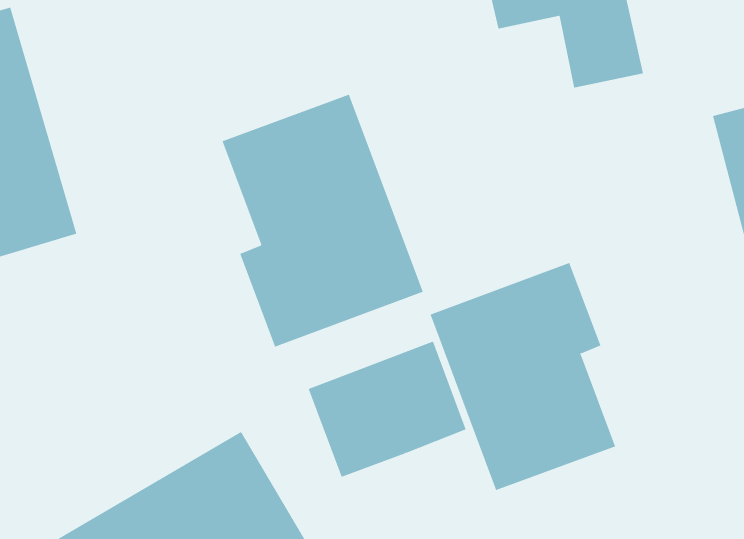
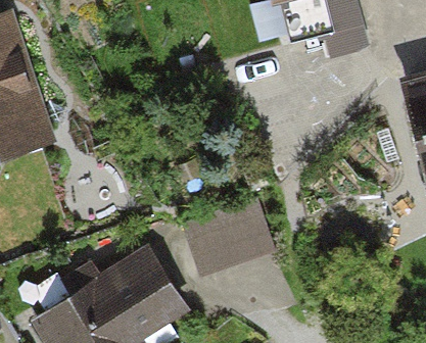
building: [222,94,423,348] -> none
building: [430,262,616,491] -> none

